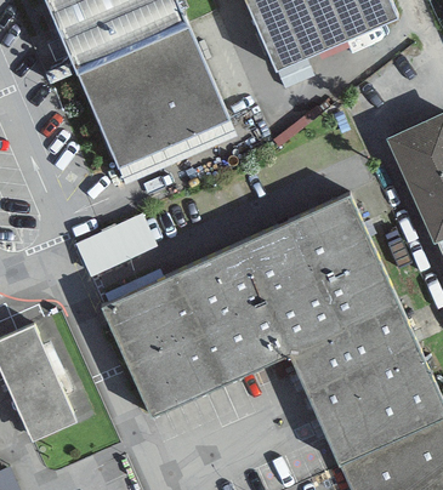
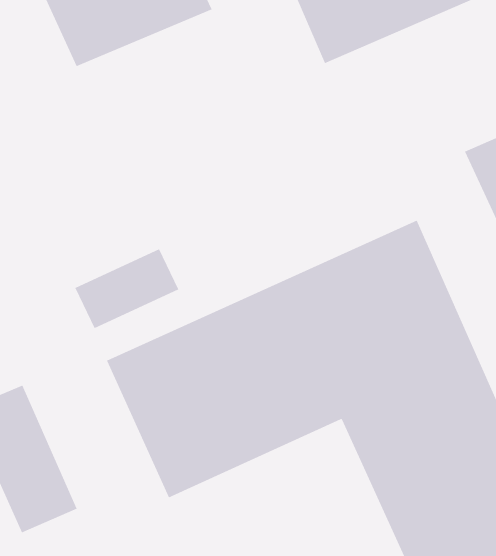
building: [76,23,227,165] -> none

